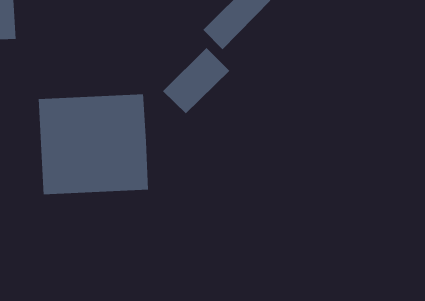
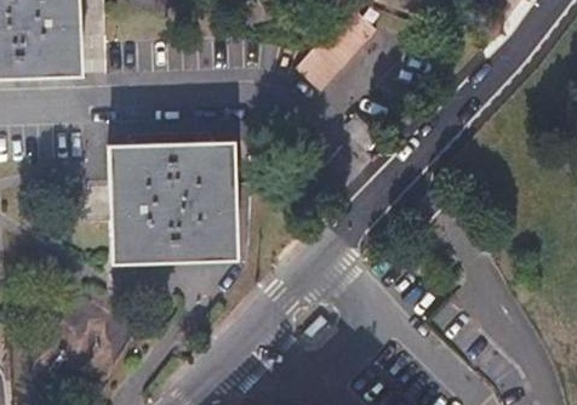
building: [162,47,230,114] -> none

